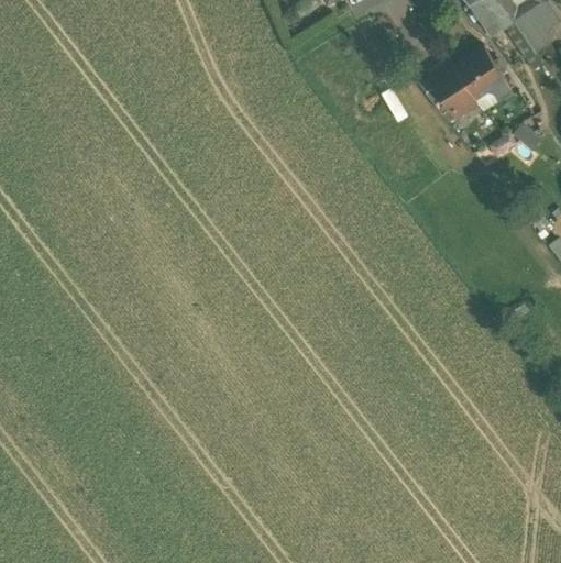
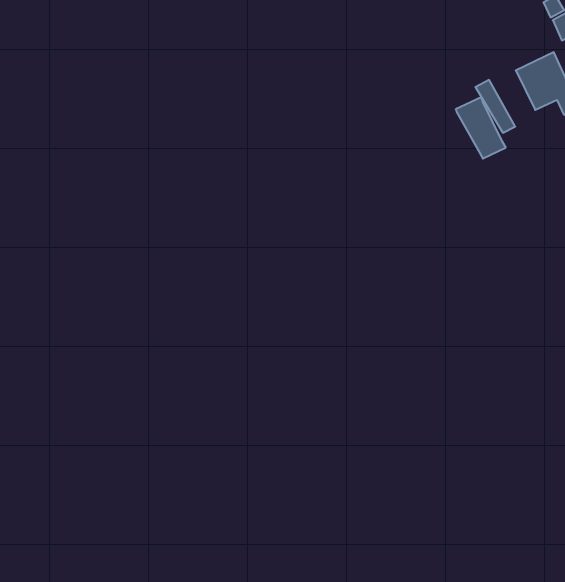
building: [431,62,479,114] -> [456,97,506,159]

